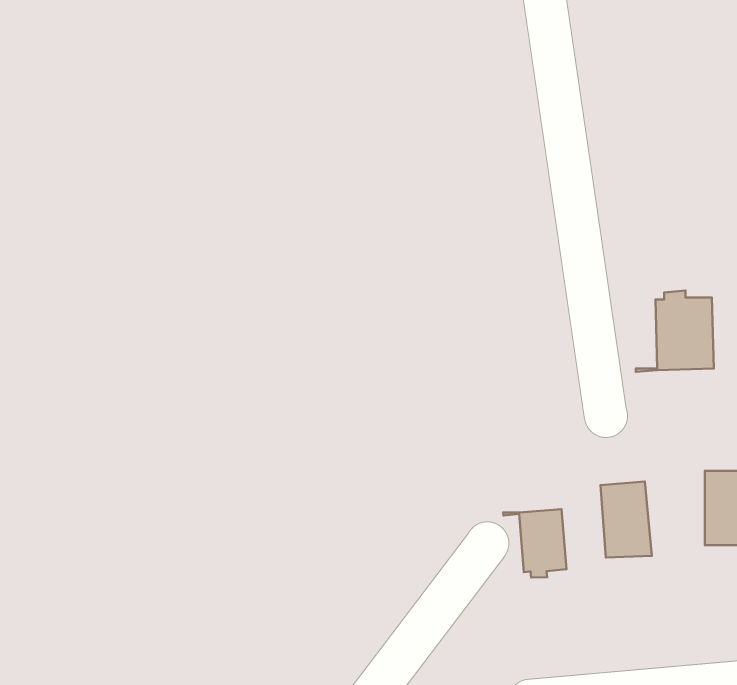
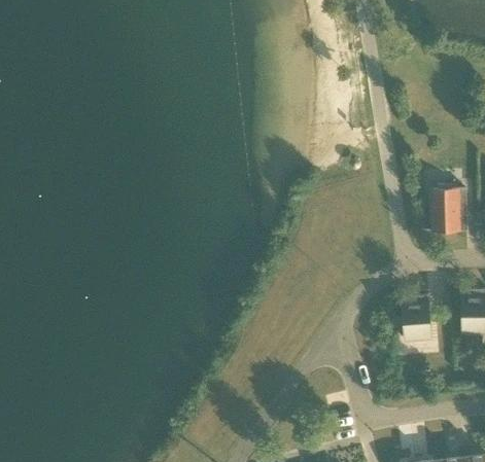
building: [503,509,566,577] -> none

